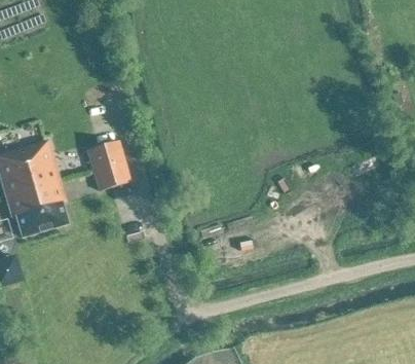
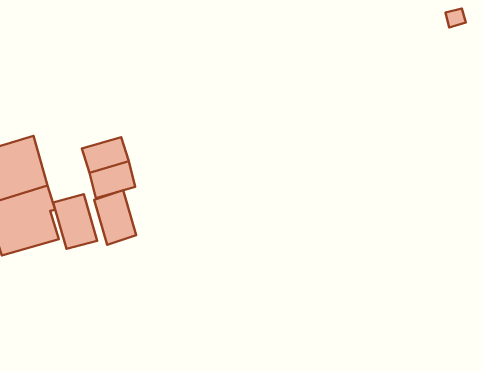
building: none -> [94,190,136,245]
building: none -> [53,194,97,249]

